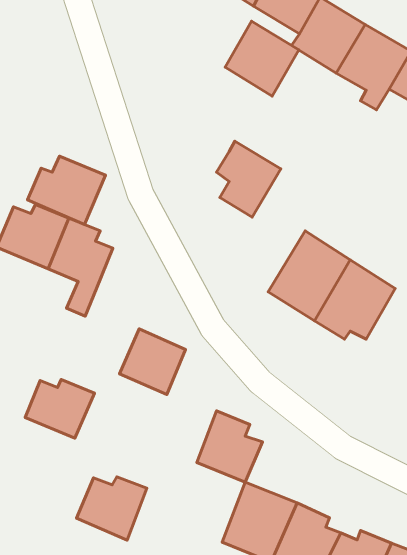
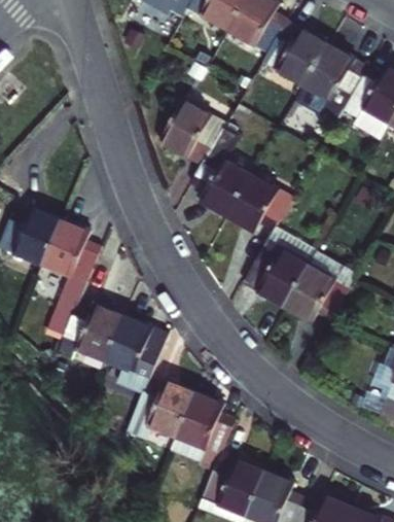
building: [225,21,299,96] -> [164,92,229,159]
building: [27,156,105,225] -> none
building: none -> [226,174,292,234]
building: [25,379,94,438] -> [64,305,126,357]
building: [76,477,147,540] -> [132,380,194,437]

